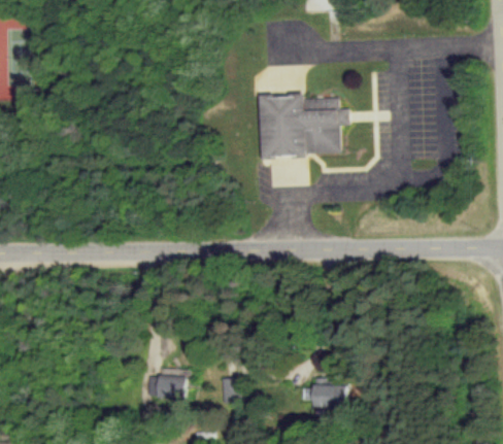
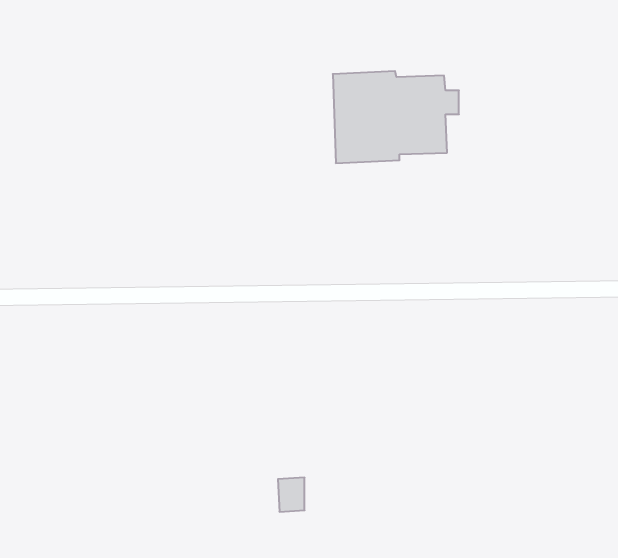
building: [147,374,185,398] -> none
building: [313,377,347,408] -> none

